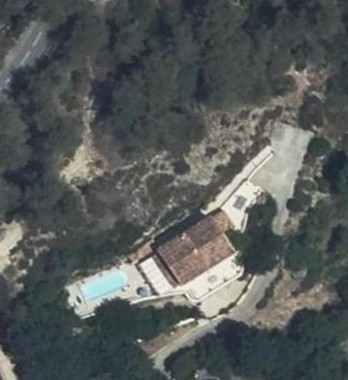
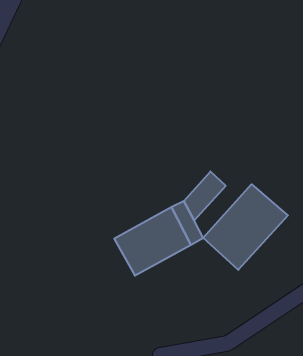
building: none -> [203,184,288,270]

